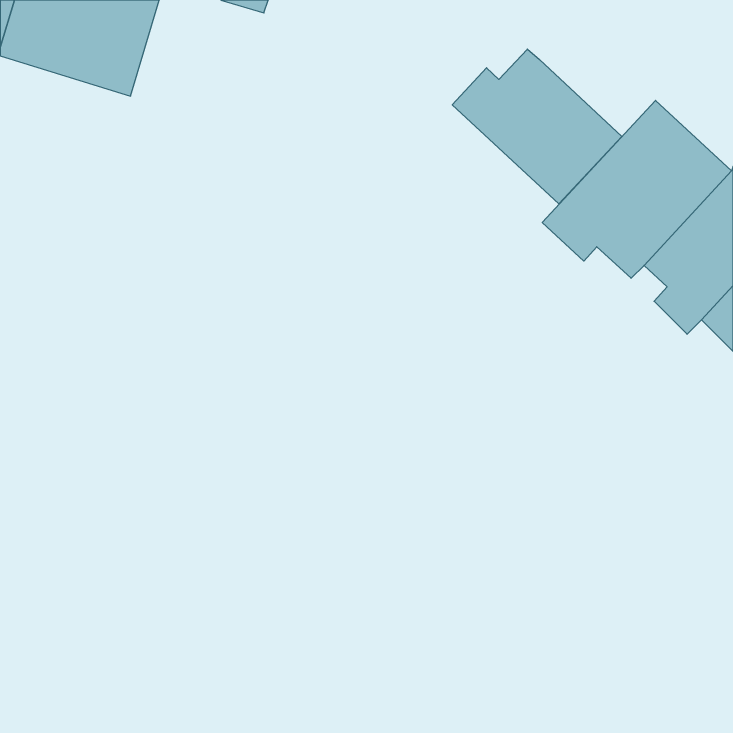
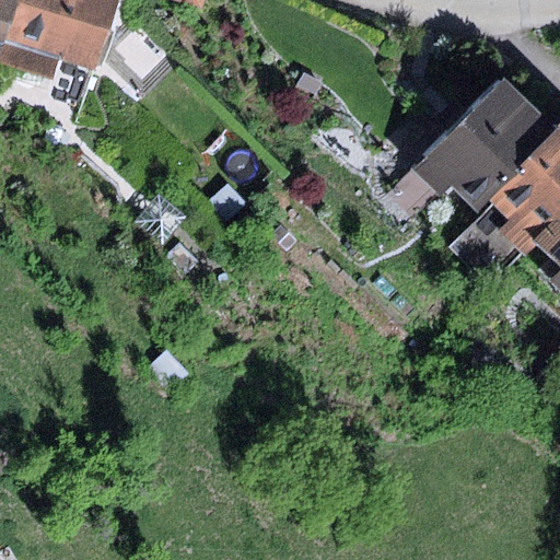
building: [452,49,622,204] -> none

